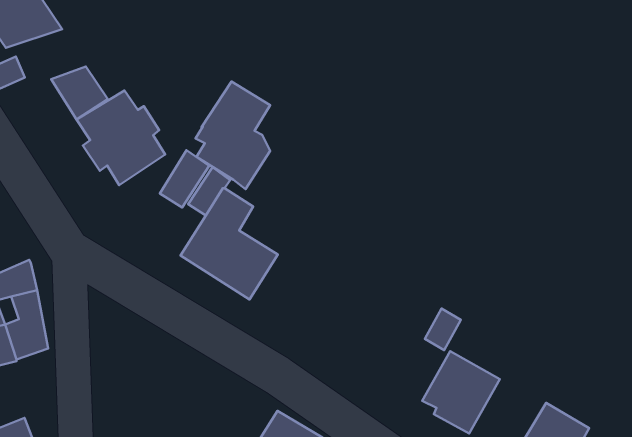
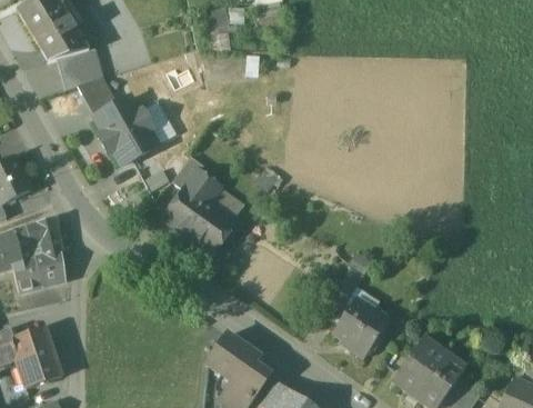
building: none -> [58,48,104,88]
building: [195,81,270,189] -> none

